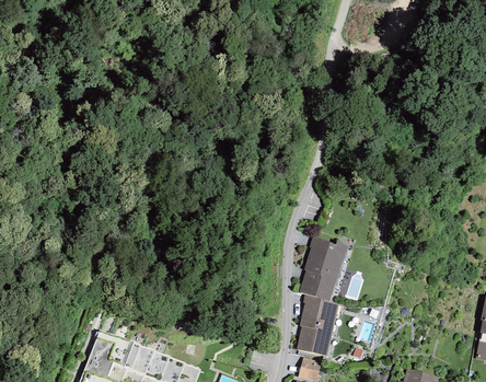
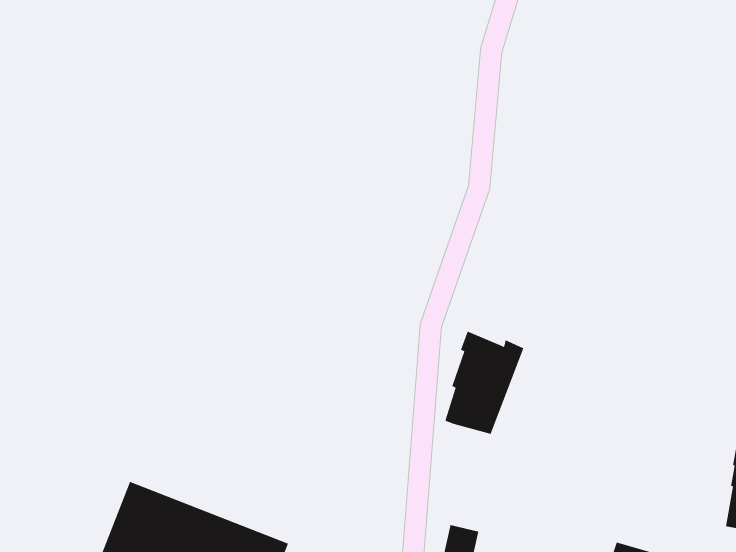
building: [297,294,339,356] -> none

